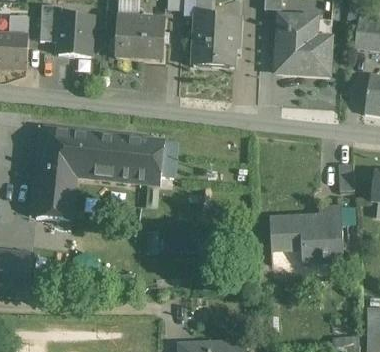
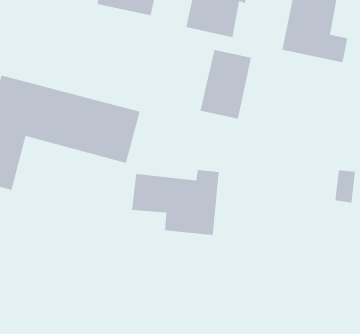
building: none -> [200,49,251,120]
building: [268,207,341,263] -> [131,170,220,236]

